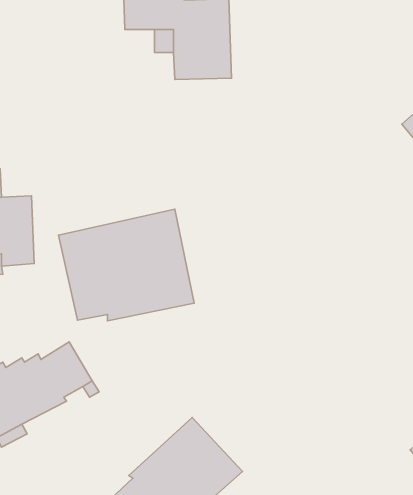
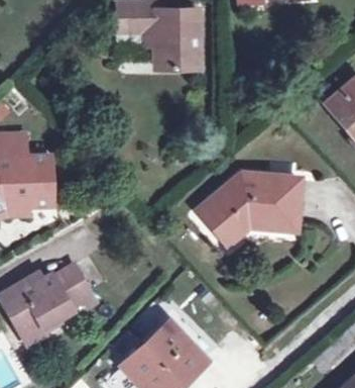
building: [59,209,194,321] -> none
building: none -> [199,172,299,244]

